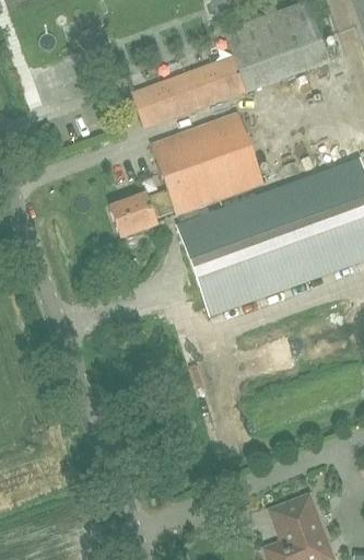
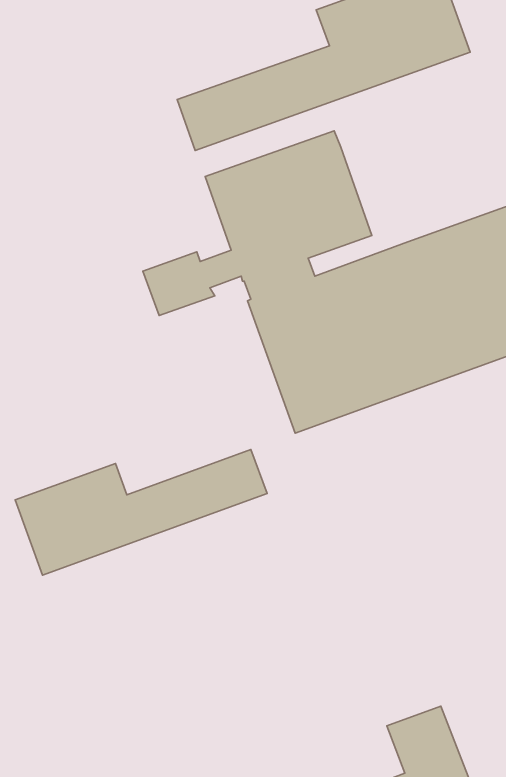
building: none -> [15,450,267,575]

